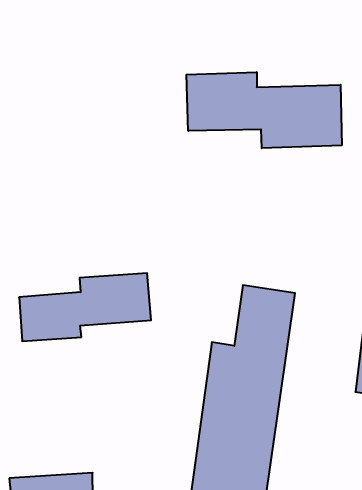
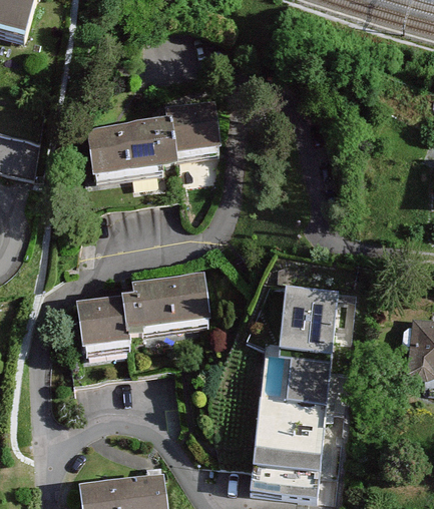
building: [186,72,342,148] -> none
building: none -> [87,100,212,169]

